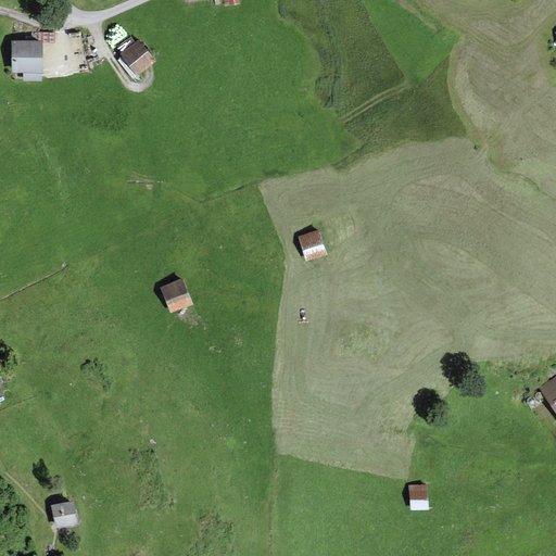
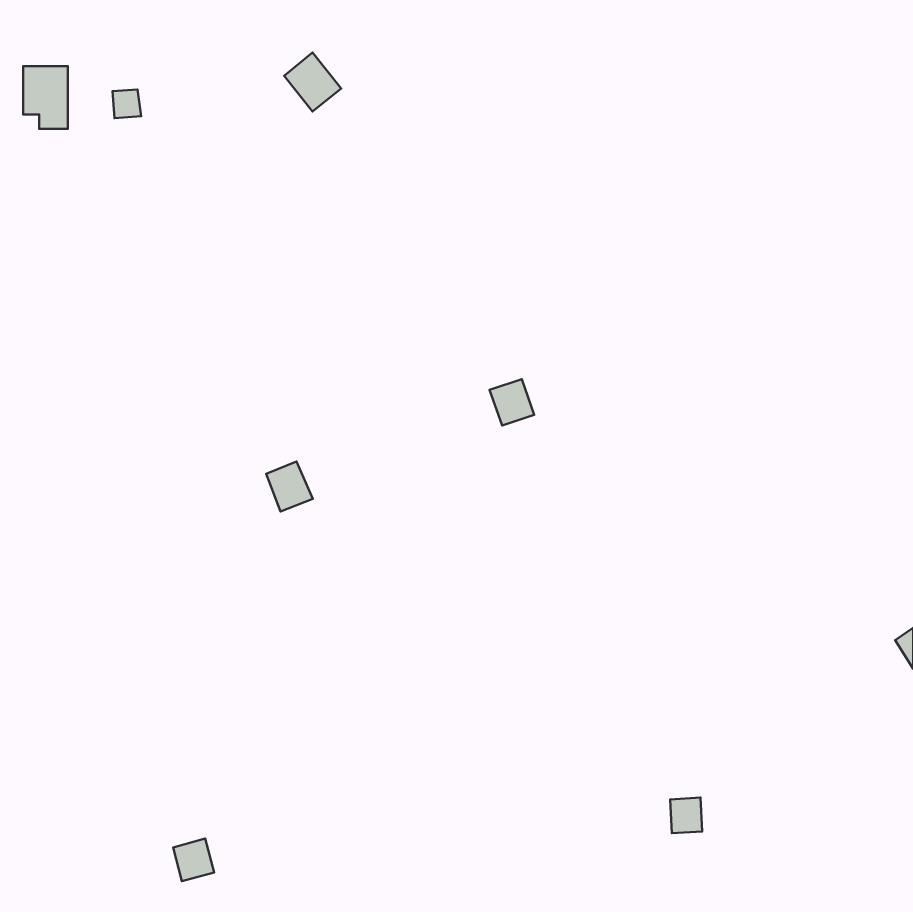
building: [119,40,154,76] -> [284,53,341,112]
building: [50,500,75,526] -> [173,838,214,881]

